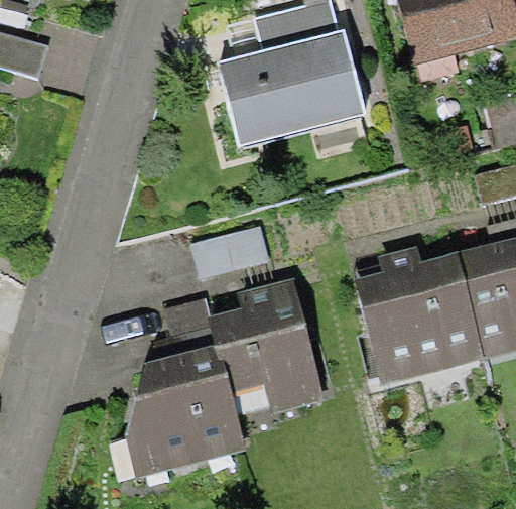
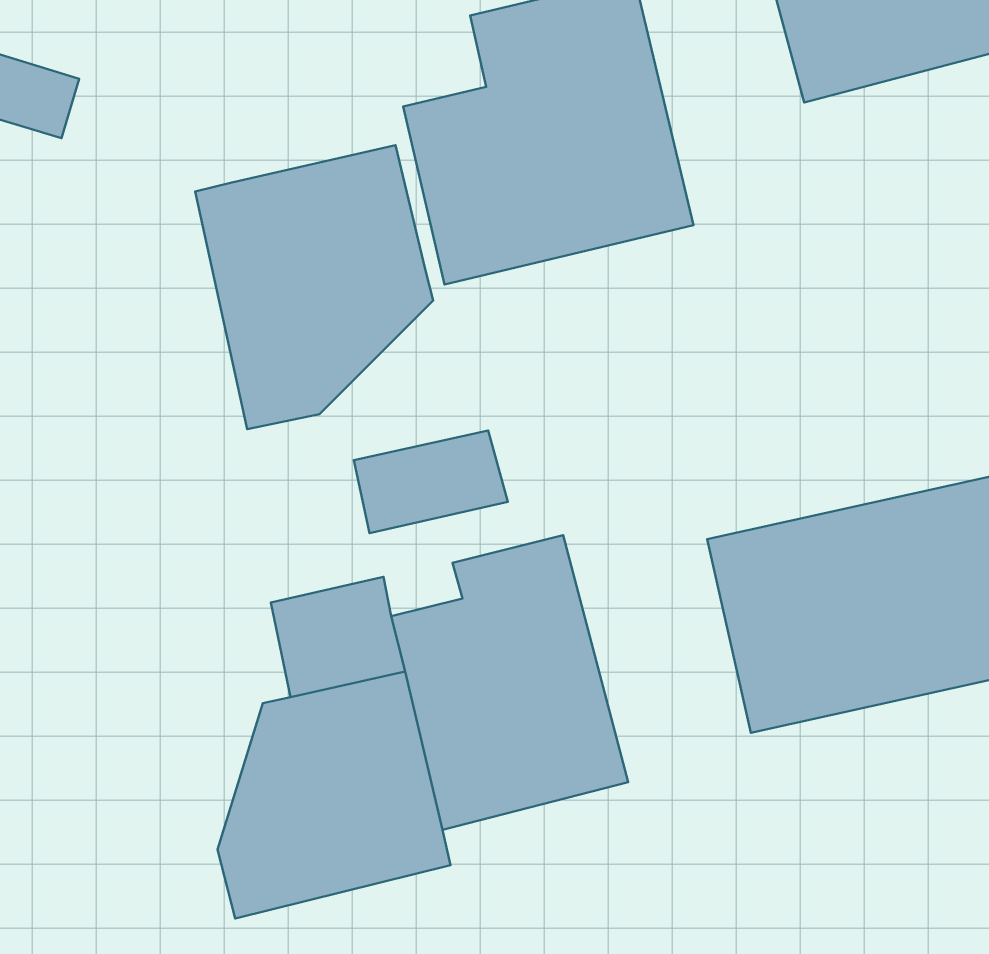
building: none -> [195,145,433,429]

